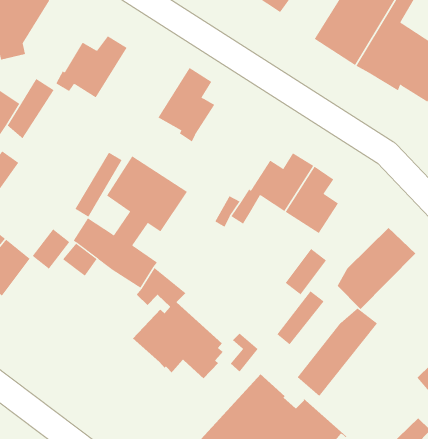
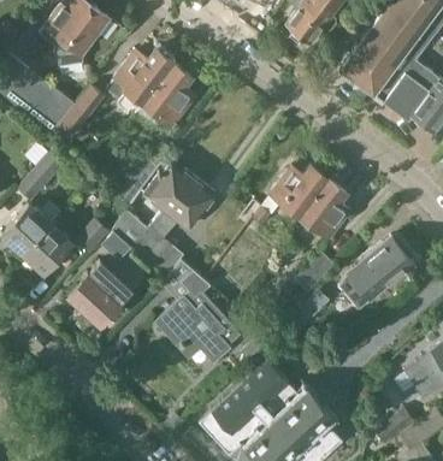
building: [158,67,215,142] -> [141,64,193,130]
building: none -> [69,262,132,326]
building: [297,307,378,397] -> none

